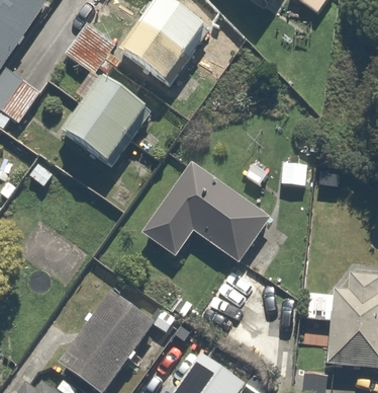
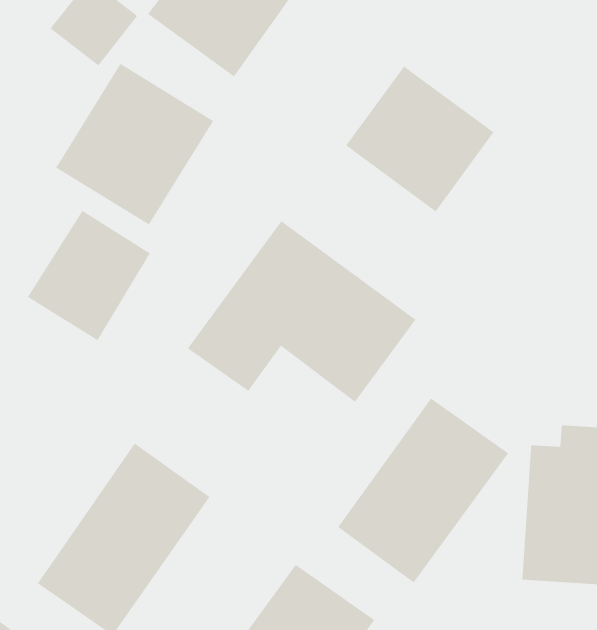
building: none -> [345,65,495,213]
building: none -> [27,210,151,341]
building: none -> [337,397,509,583]

